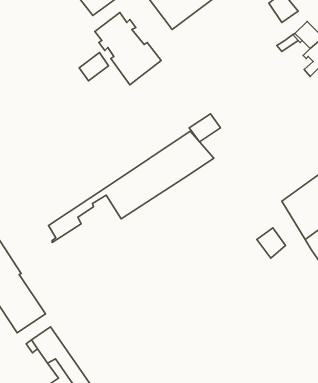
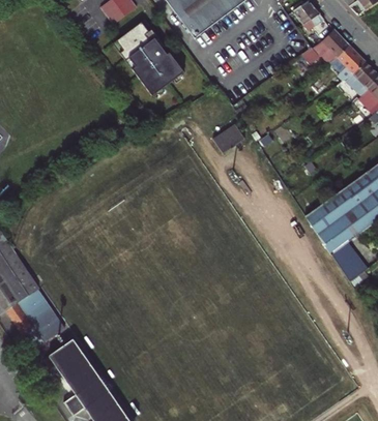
building: [79,53,109,81] -> none
building: [49,131,214,242] -> none
building: [257,228,286,258] -> none

